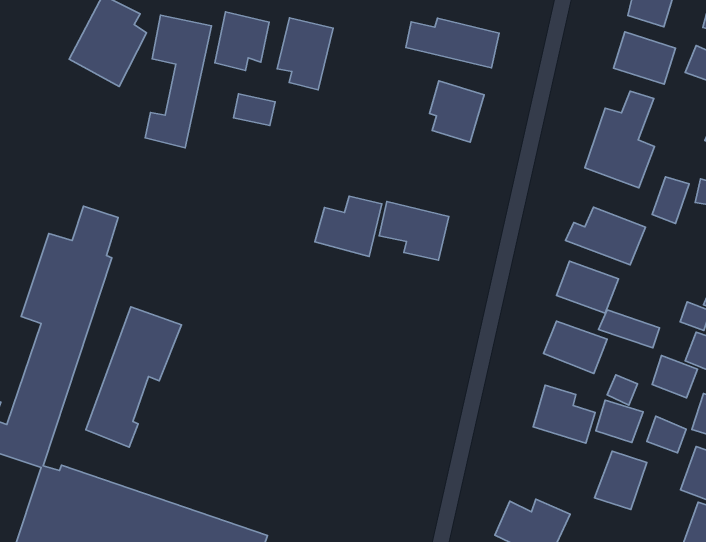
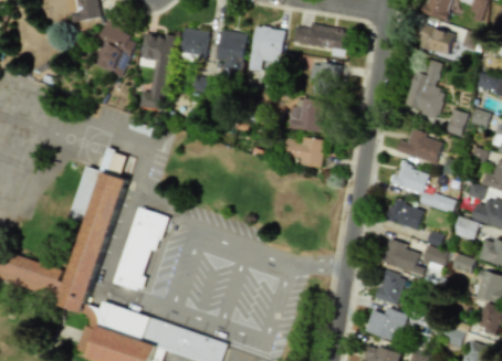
building: none -> [249,25,284,71]
building: [315,196,382,257] -> [285,98,324,134]
building: [595,451,647,509] -> [375,270,405,305]

